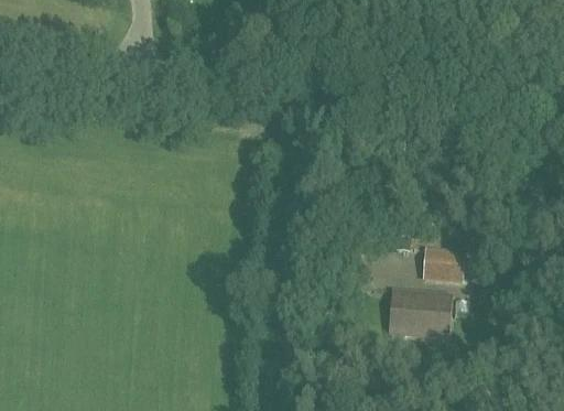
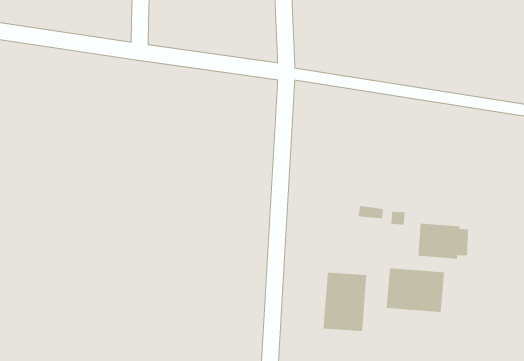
building: none -> [323,272,367,332]

